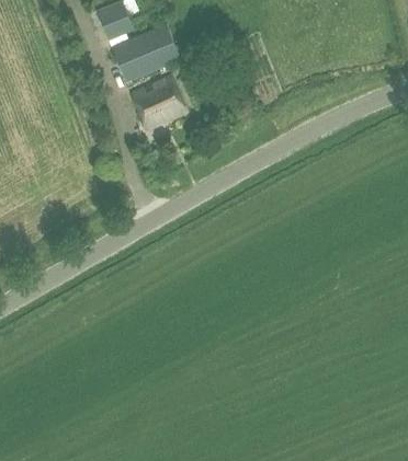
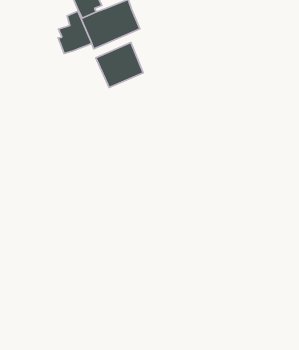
building: none -> [58,11,92,54]

